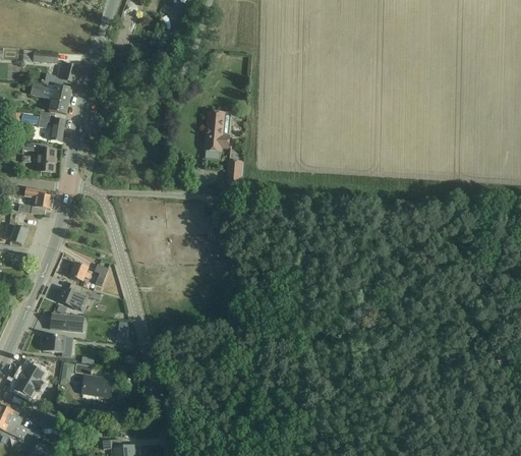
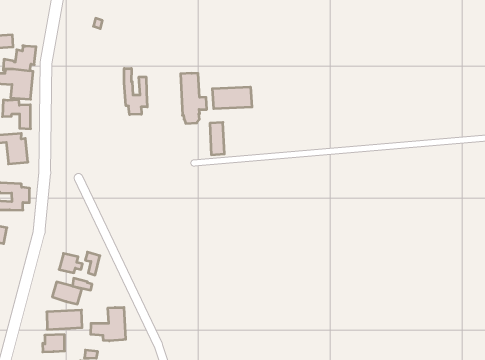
building: none -> [124,68,147,115]
building: none -> [212,87,252,109]
building: none -> [91,307,126,341]

